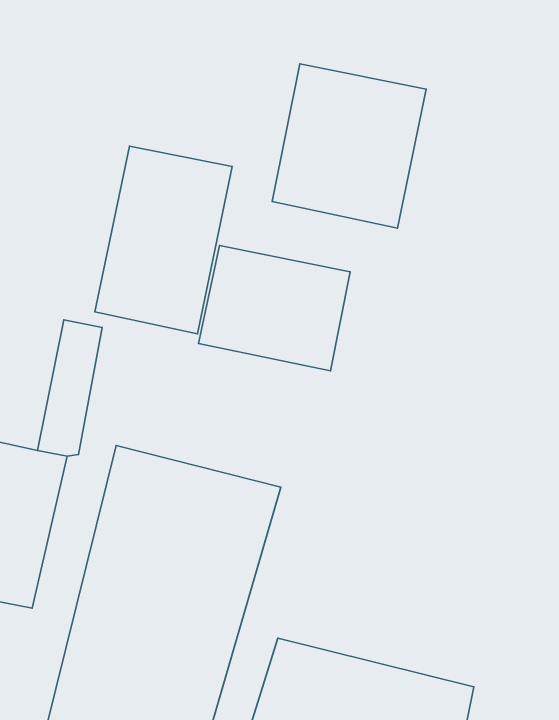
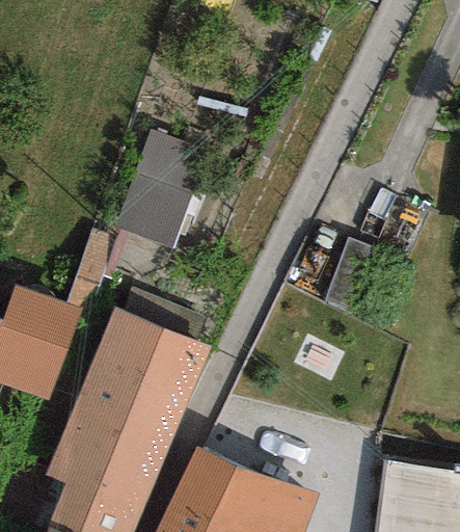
building: [272,64,426,228] -> none
building: [198,245,350,371] -> none

